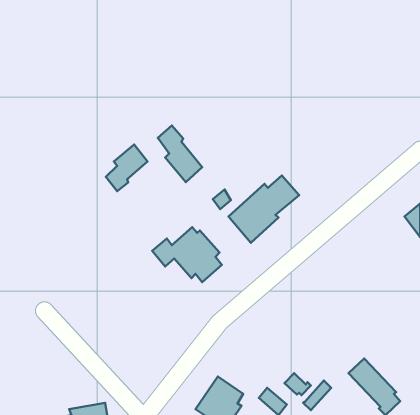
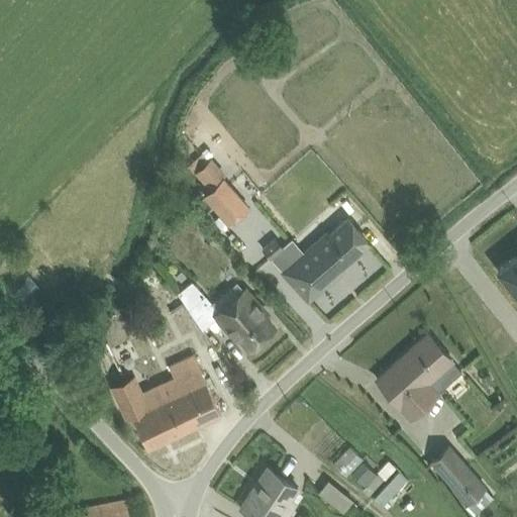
building: [106,145,147,191] -> none
building: none -> [376,336,460,421]
building: none -> [113,358,220,451]

